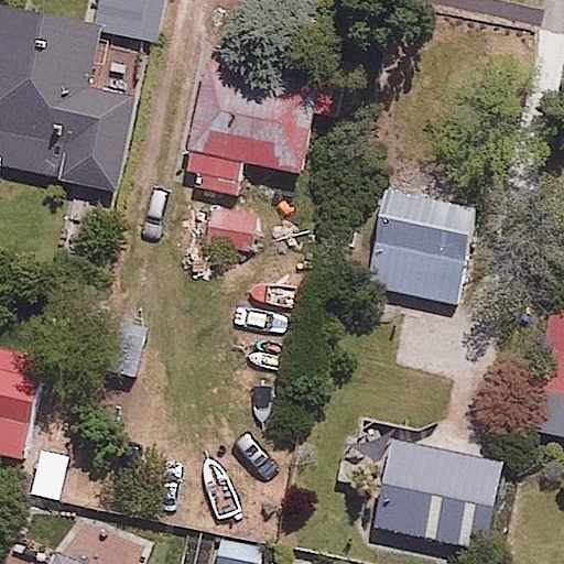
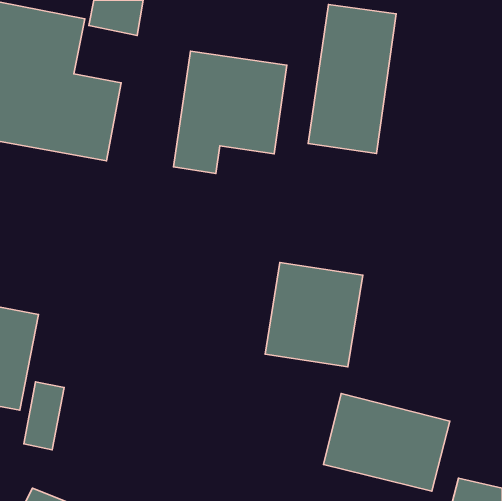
building: none -> [308,5,396,153]
building: [366,186,475,303] -> [265,262,363,367]

